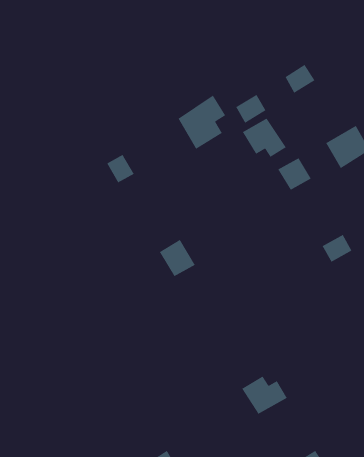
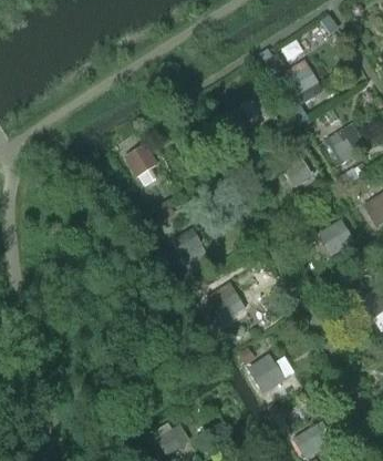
building: [177,95,226,150] -> none
building: [242,117,287,158] -> none
building: none -> [207,283,246,322]

